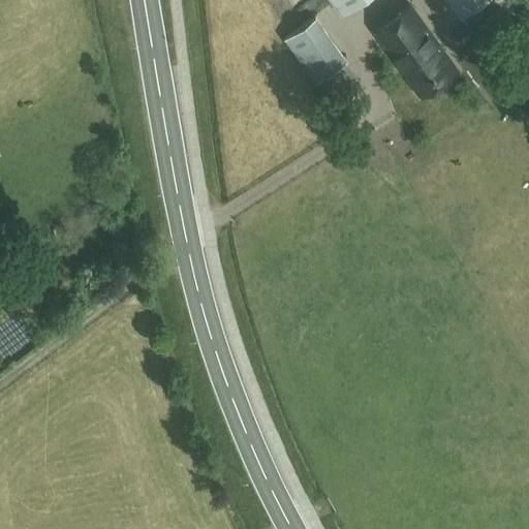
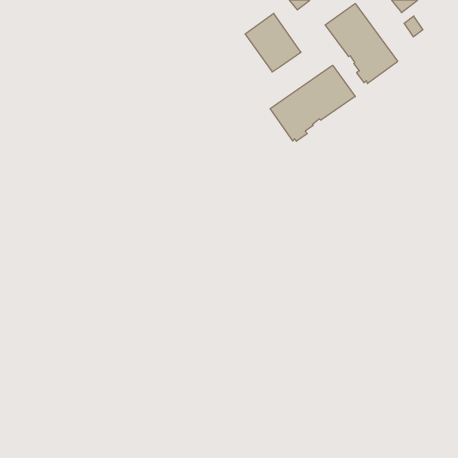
building: none -> [270,65,355,141]

